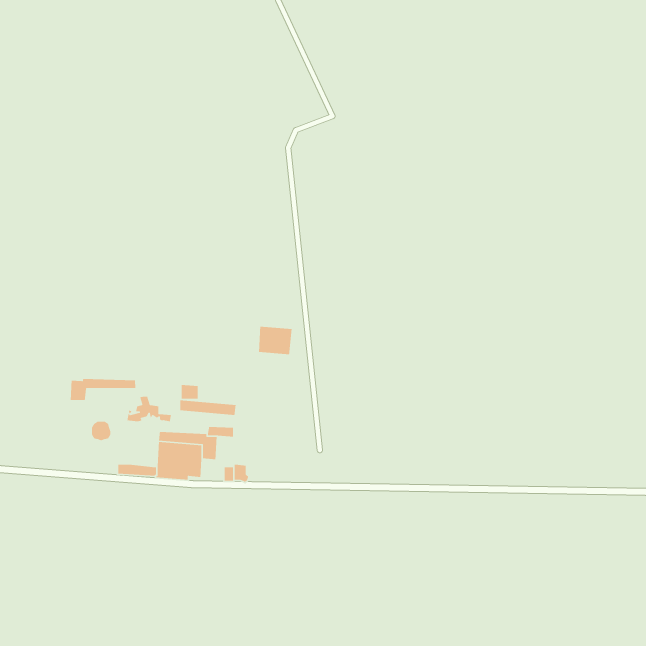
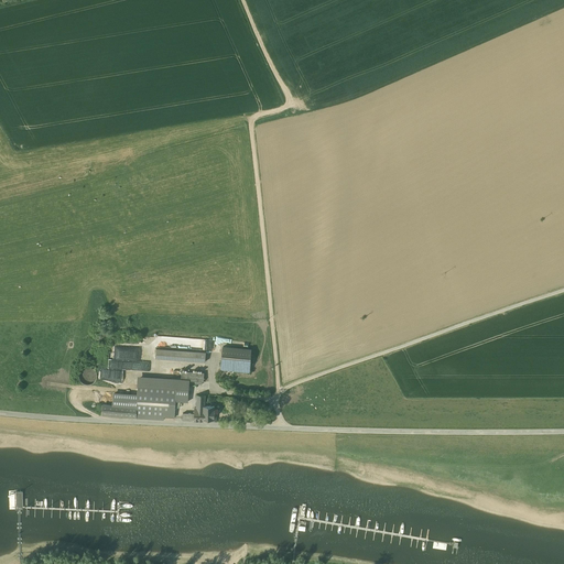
building: [258,326,292,355] -> [221,346,251,371]
building: [70,378,136,401] -> none

